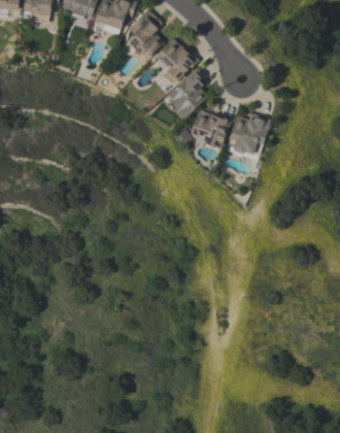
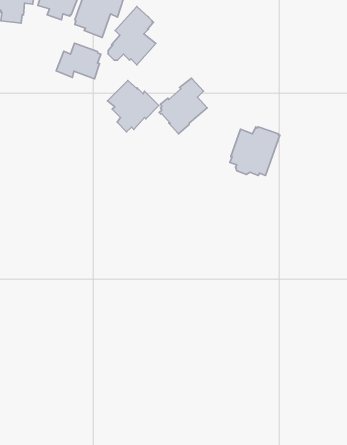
building: [155,38,199,82] -> [108,81,159,132]
building: none -> [56,43,101,79]
building: [190,109,231,151] -> none

